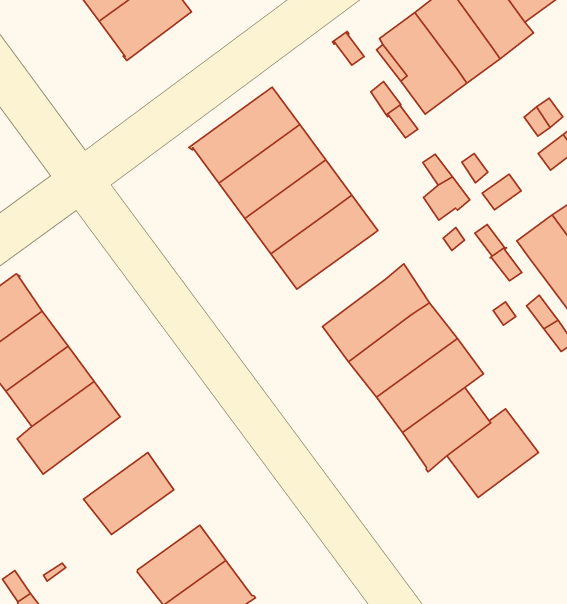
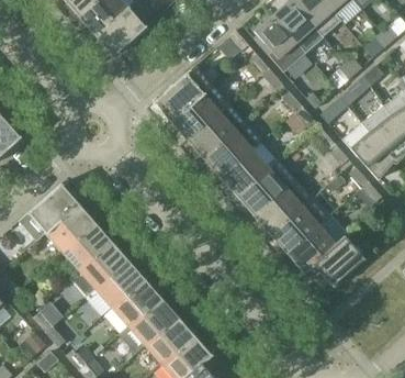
building: none -> [221,143,278,198]
building: none -> [86,259,145,315]
building: none -> [120,298,178,354]

